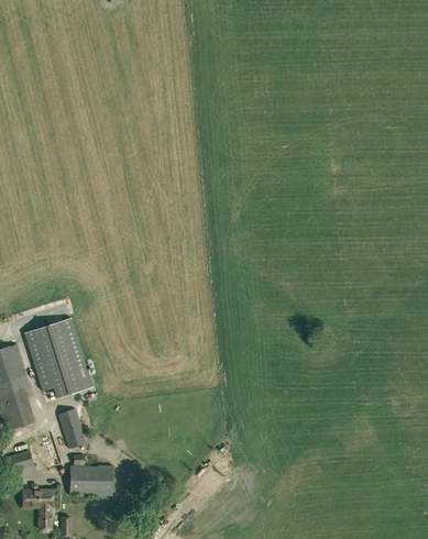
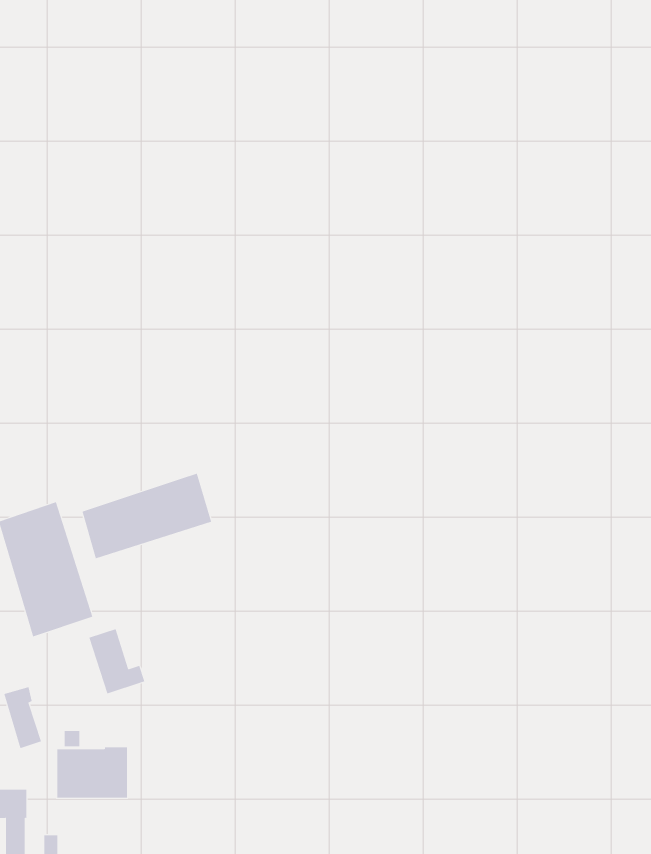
building: none -> [82,473,212,559]
building: [57,409,91,449] -> [89,628,145,694]

